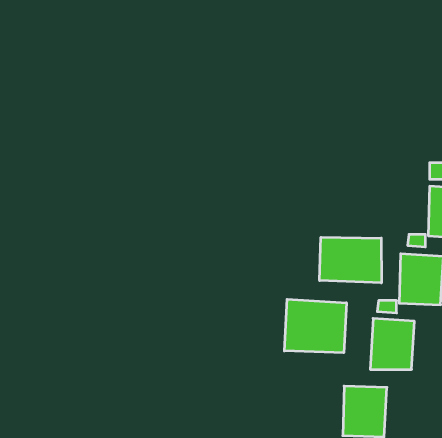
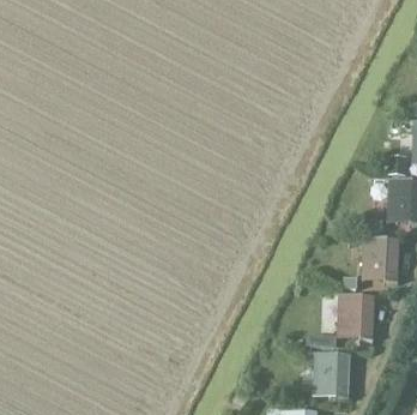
building: [320,237,381,283] -> none
building: [284,299,346,353] -> none

